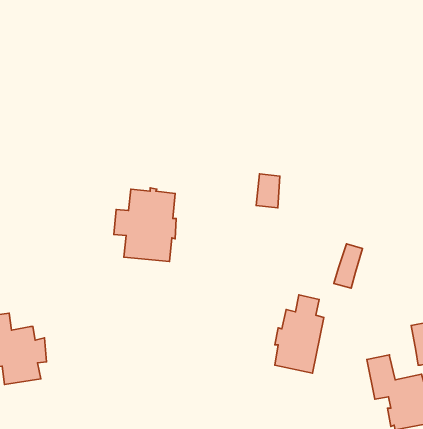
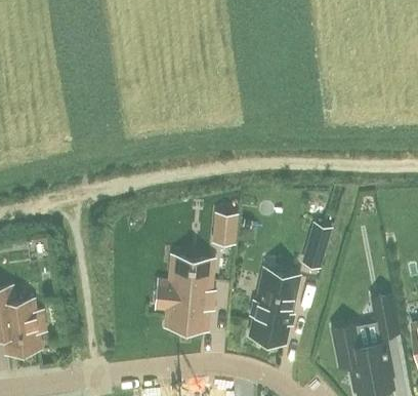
building: [256,174,280,208] -> [214,214,236,245]
building: [114,188,176,262] -> [157,265,213,331]

